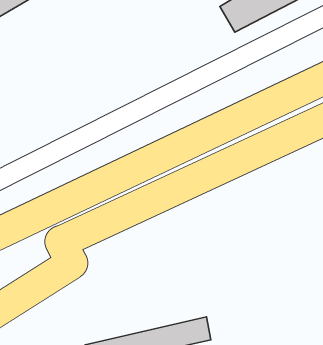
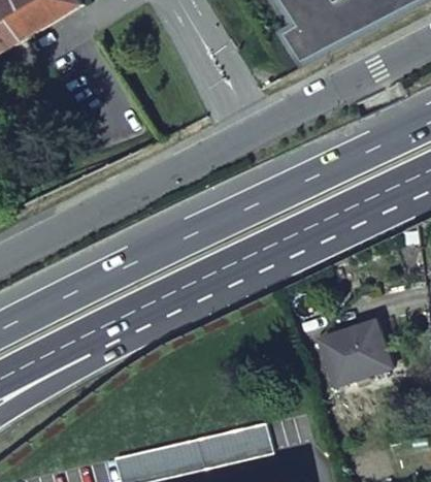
building: none -> [320,320,390,385]

